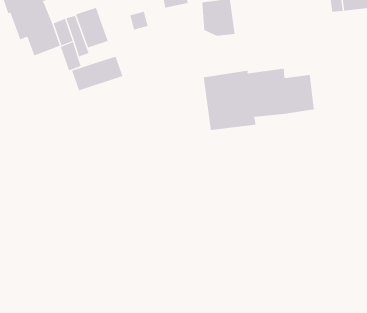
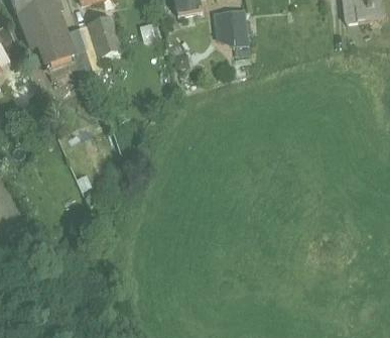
building: [72,56,123,91] -> none
building: [203,68,315,131] -> none

